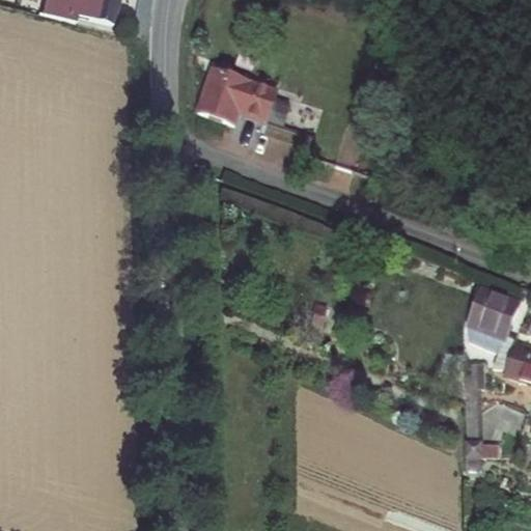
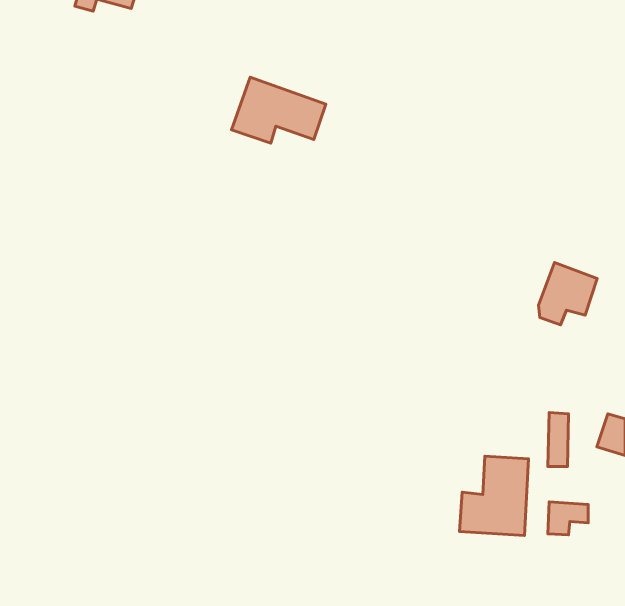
building: [471,295,521,347] -> [538,262,597,325]
building: none -> [460,456,529,535]

